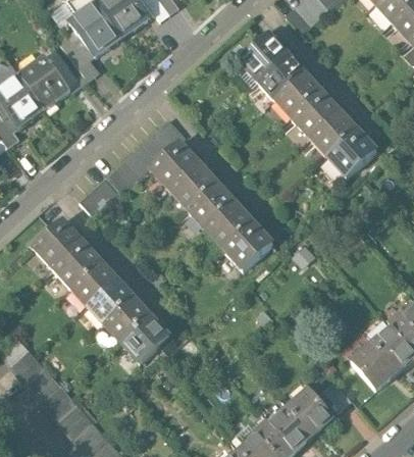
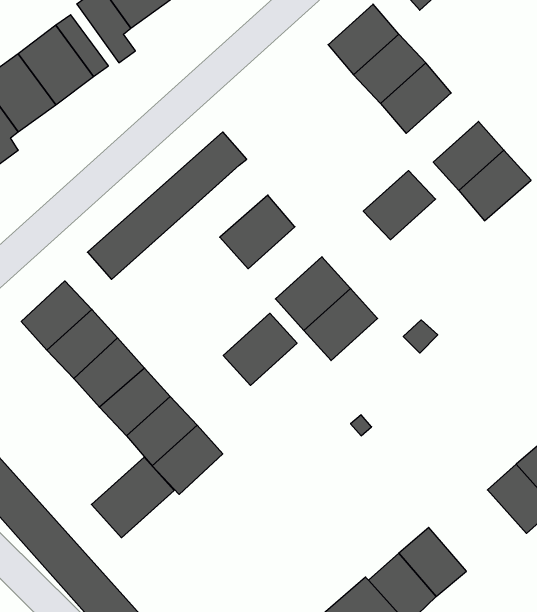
building: [294,92,343,139] -> [363,171,436,240]
building: [149,141,200,190] -> none
building: [187,183,237,232] -> [223,313,297,385]
building: none -> [91,457,174,538]

